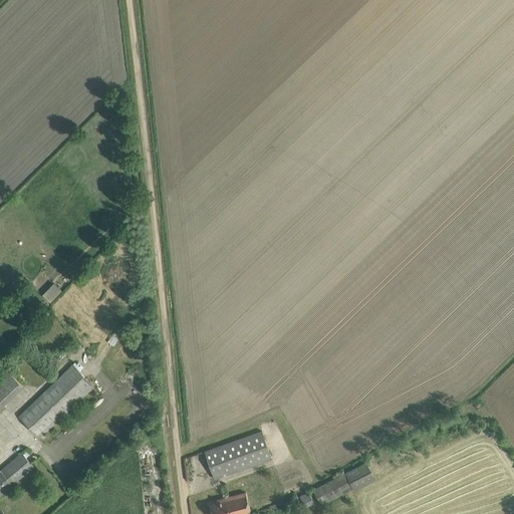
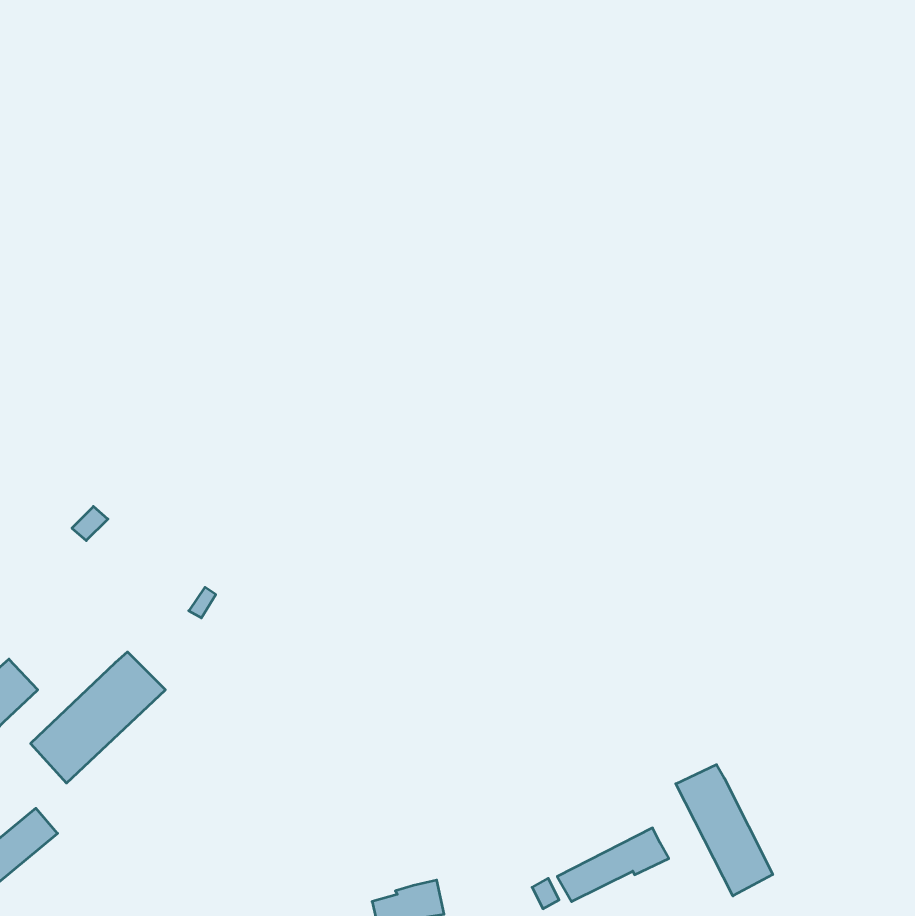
building: none -> [676,765,773,896]
building: [203,432,270,480] -> none

